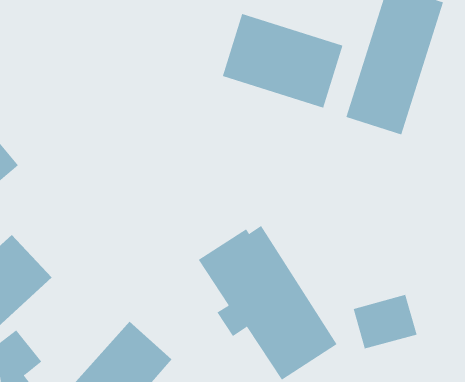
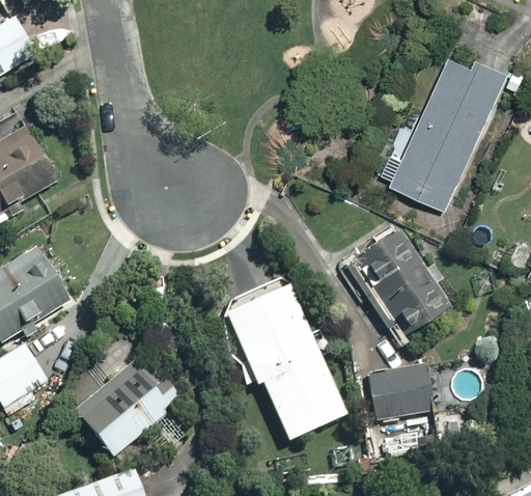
building: [222,13,343,109] -> none
building: none -> [344,229,447,329]

